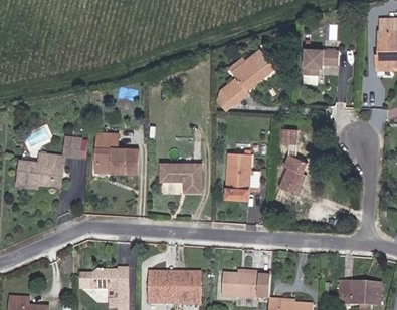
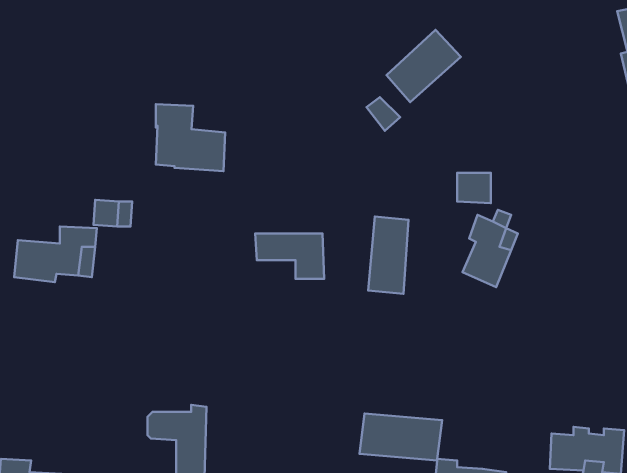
building: [302,50,338,77] -> none
building: [97,133,139,174] -> [156,104,225,171]
building: [151,269,201,302] -> none

